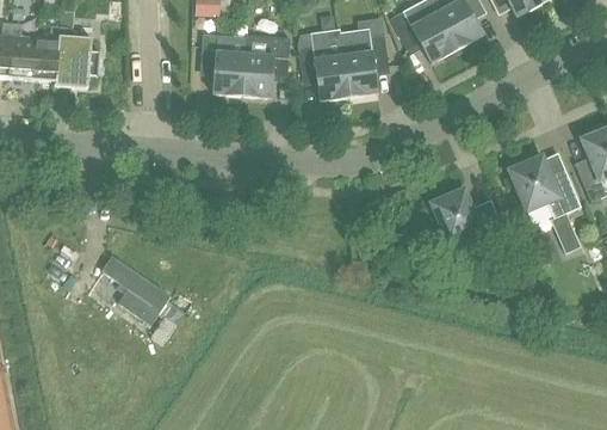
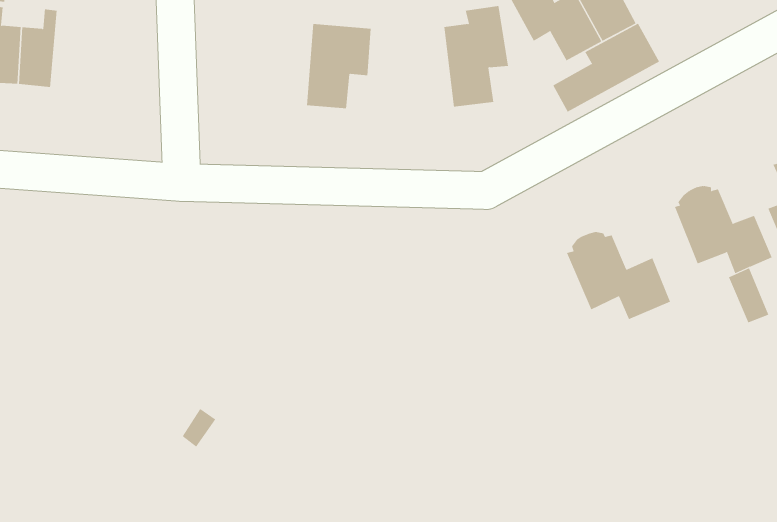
building: [55,25,99,87] -> none
building: [199,32,246,94] -> none
building: [297,33,348,100] -> none
building: none -> [553,23,660,113]
building: [101,256,169,325] -> none

